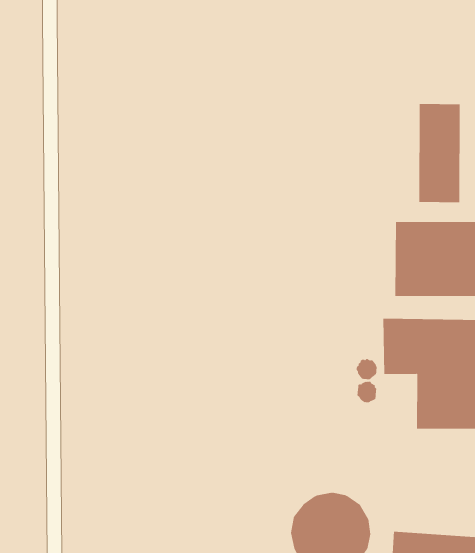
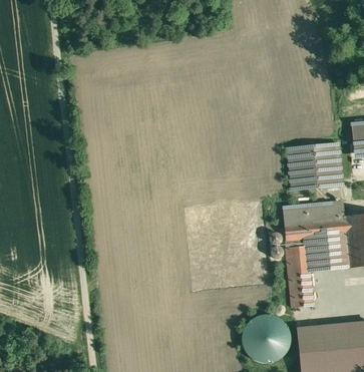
building: [419,103,460,203] -> none
building: none -> [288,238,314,307]

